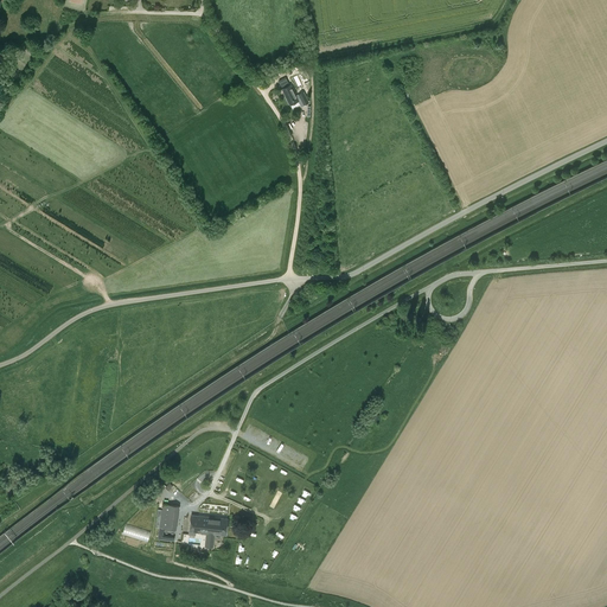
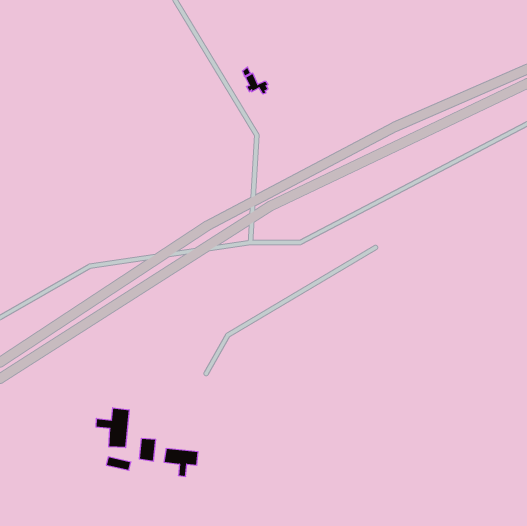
building: none -> [96,408,129,448]

